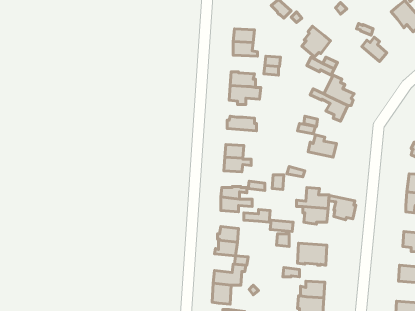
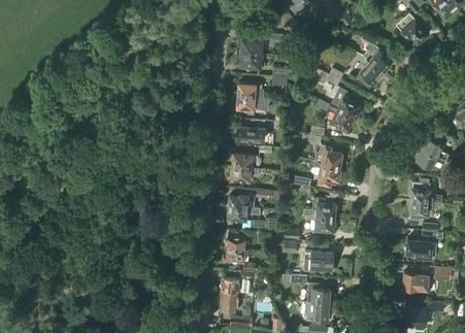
building: [302,26,330,57] -> [357,57,385,87]
building: [329,196,356,220] -> [313,160,340,184]

